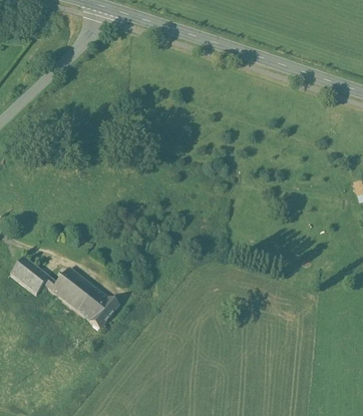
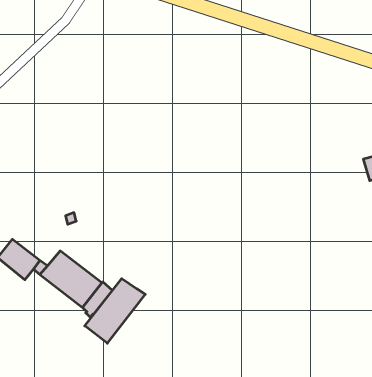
building: none -> [85,279,145,343]

